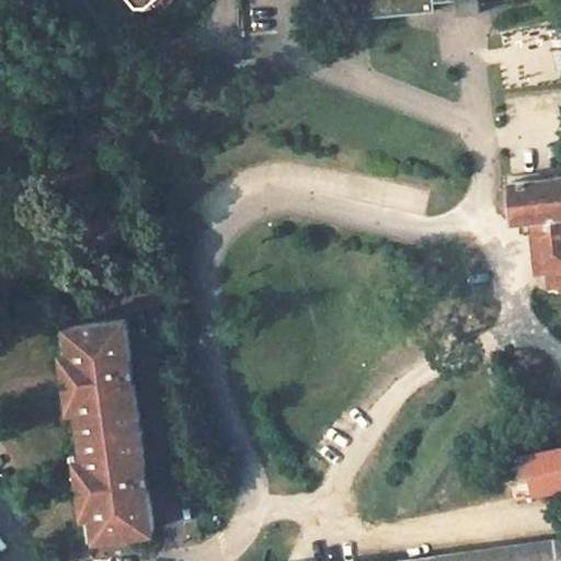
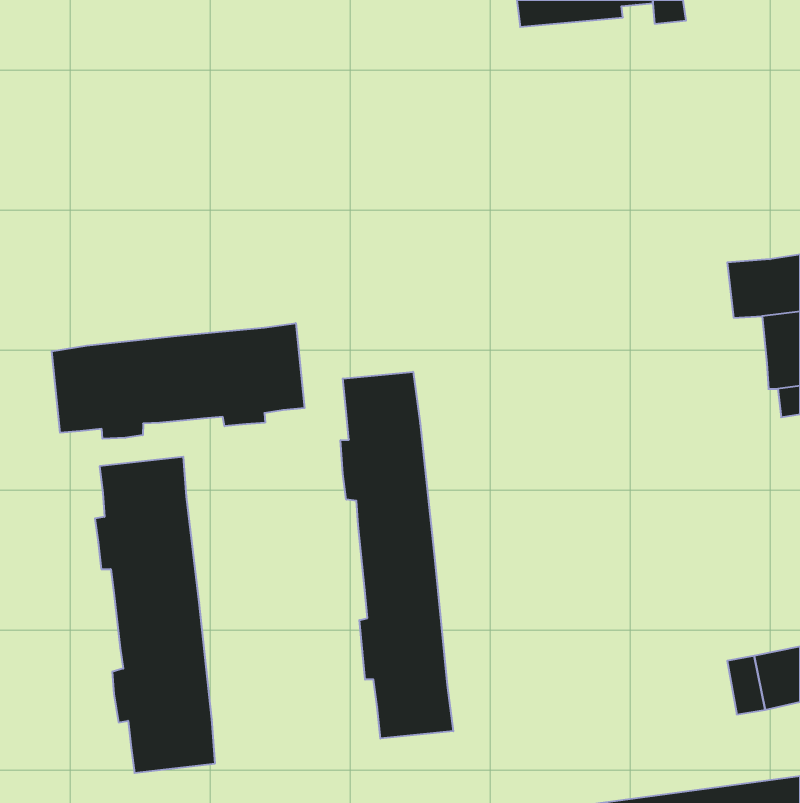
building: none -> [52,323,305,439]
building: none -> [341,372,453,739]

